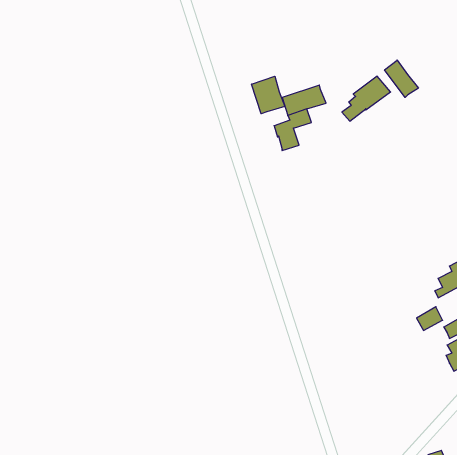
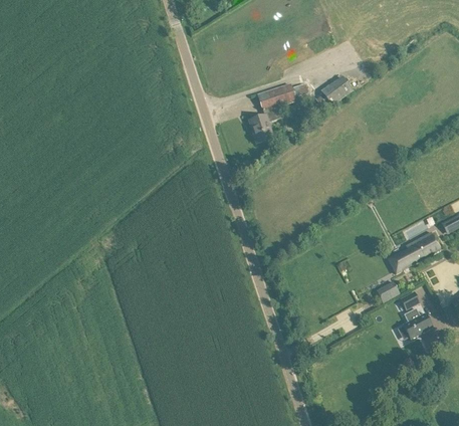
building: [385,60,418,97] -> none
building: [252,76,285,114] -> none

